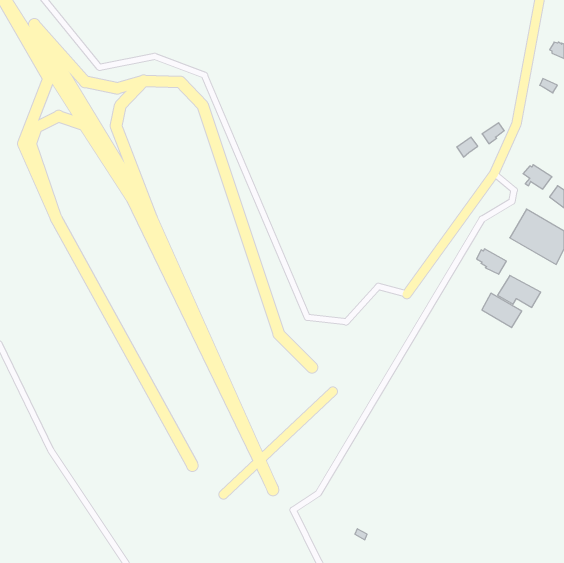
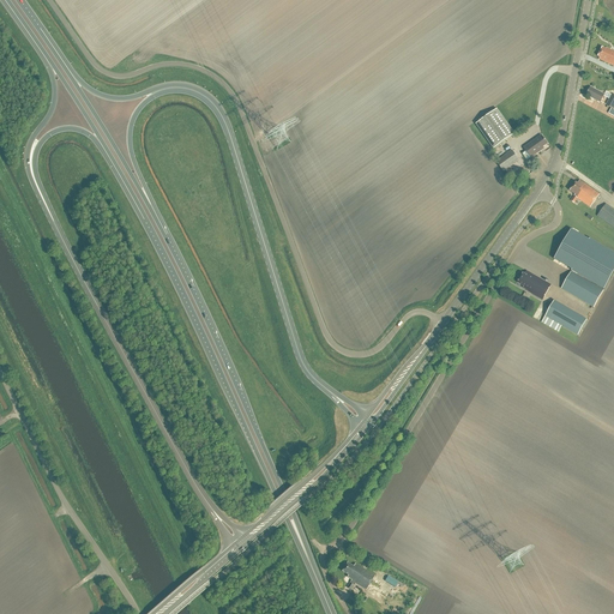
building: none -> [475,107,513,148]
building: [482,293,522,328] -> [560,269,603,306]
building: none -> [341,560,374,588]

